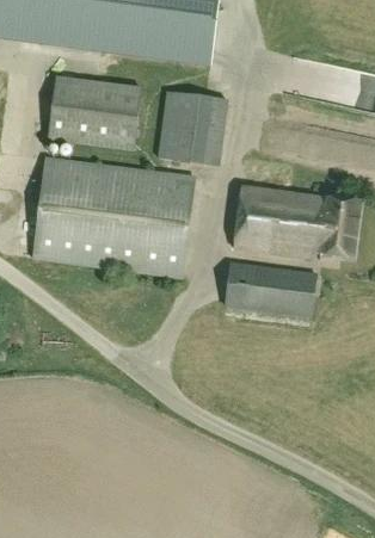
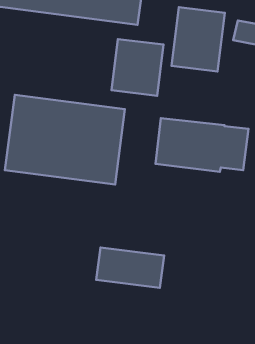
building: none -> [172,7,225,72]
building: [47,78,139,150] -> none
building: [223,264,314,317] -> [96,248,164,288]

